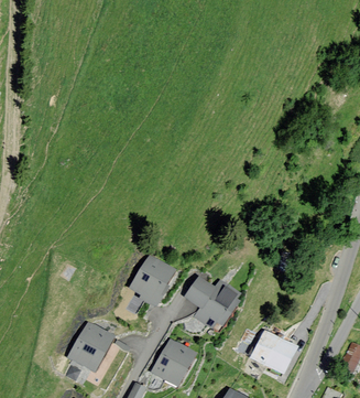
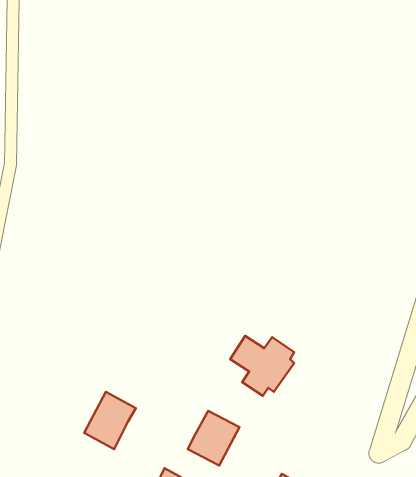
building: [131,255,173,302] -> none
building: [252,331,295,370] -> none

